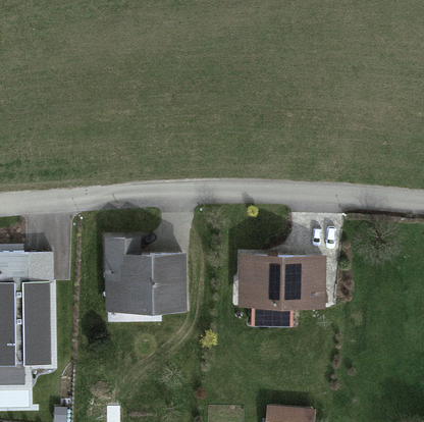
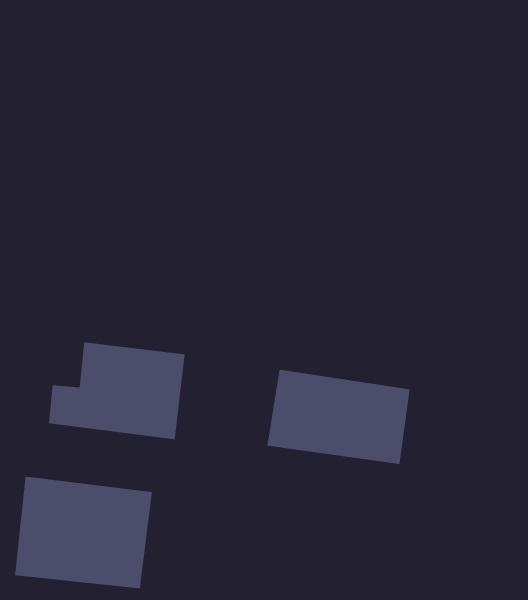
building: none -> [14,476,152,589]

